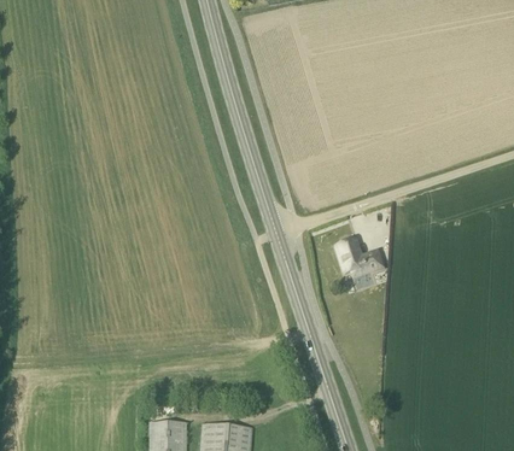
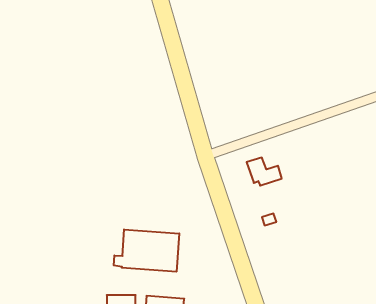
building: none -> [114,229,179,272]

